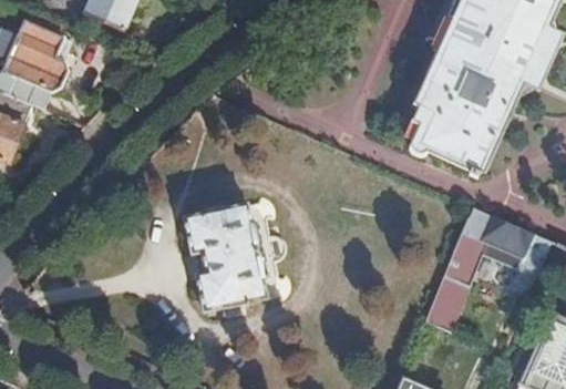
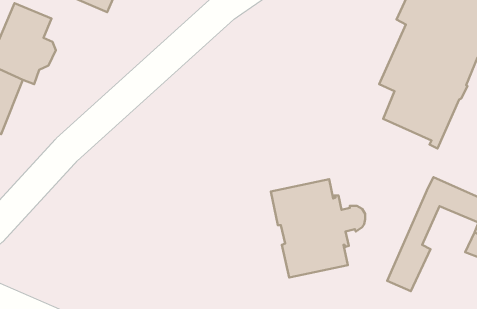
building: [184,204,286,310] -> [271,179,365,277]

